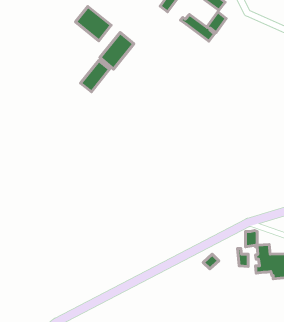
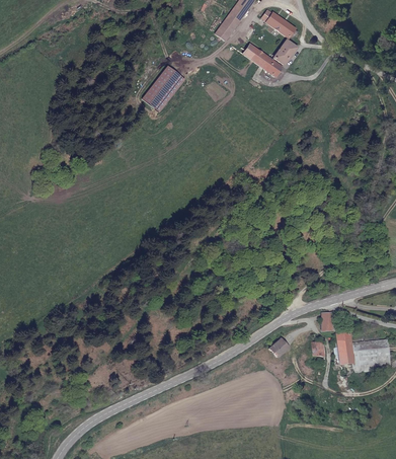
building: [76,6,111,41] -> none
building: [81,61,110,92] -> none

